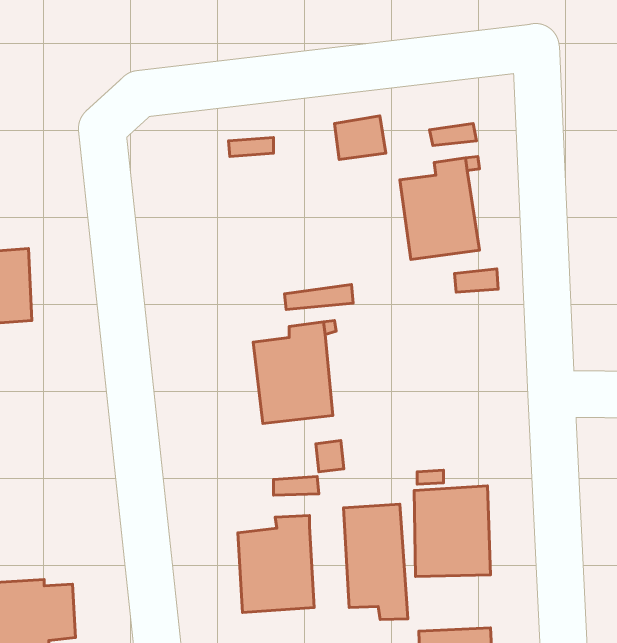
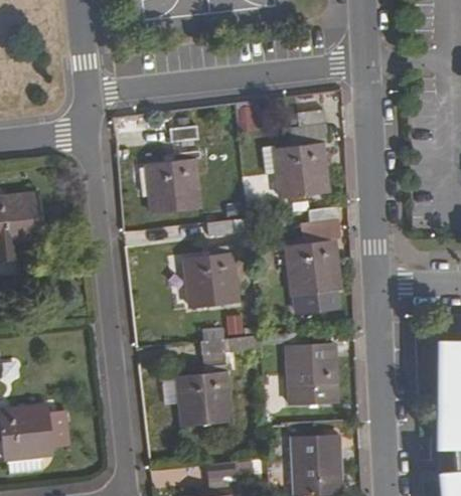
building: none -> [146,146,196,208]
building: none -> [293,231,344,312]
building: [343,504,408,620] -> none

